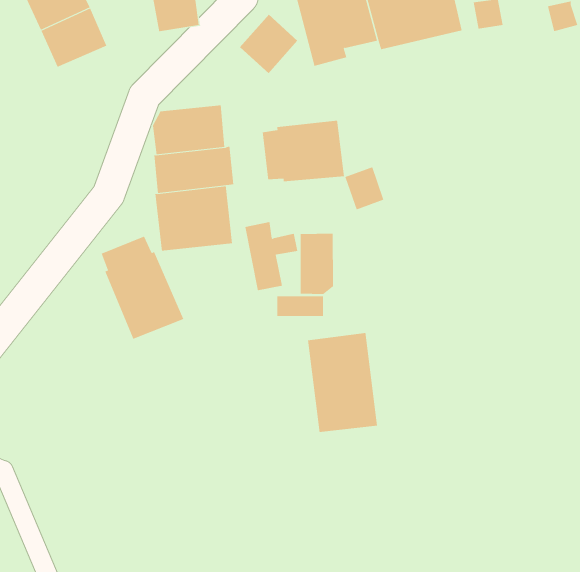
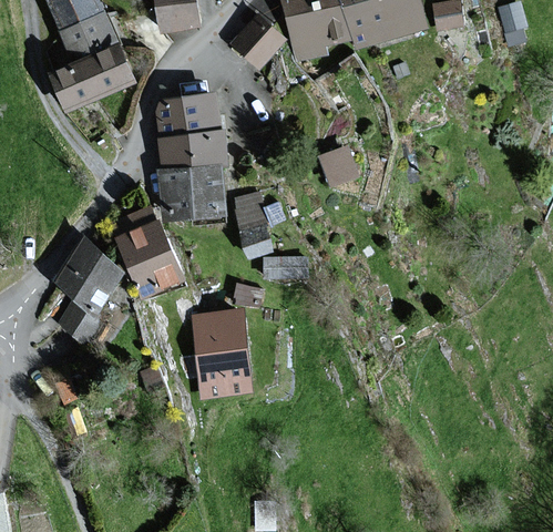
building: none -> [50,42,134,110]
building: [262,120,345,182] -> none
building: [300,233,334,295] -> none
building: none -> [54,242,124,339]
building: [307,332,378,432] -> [192,309,253,396]

